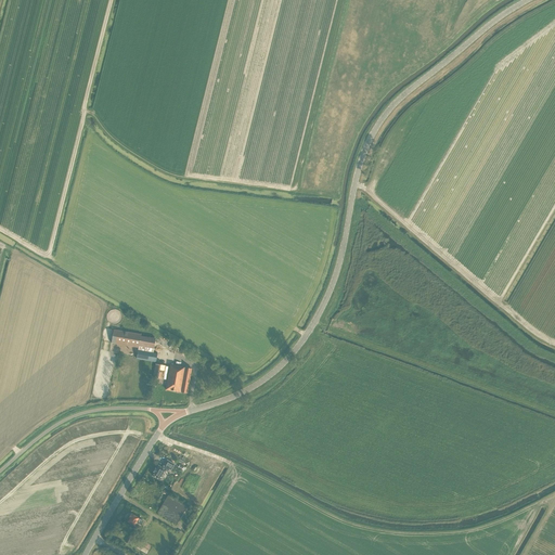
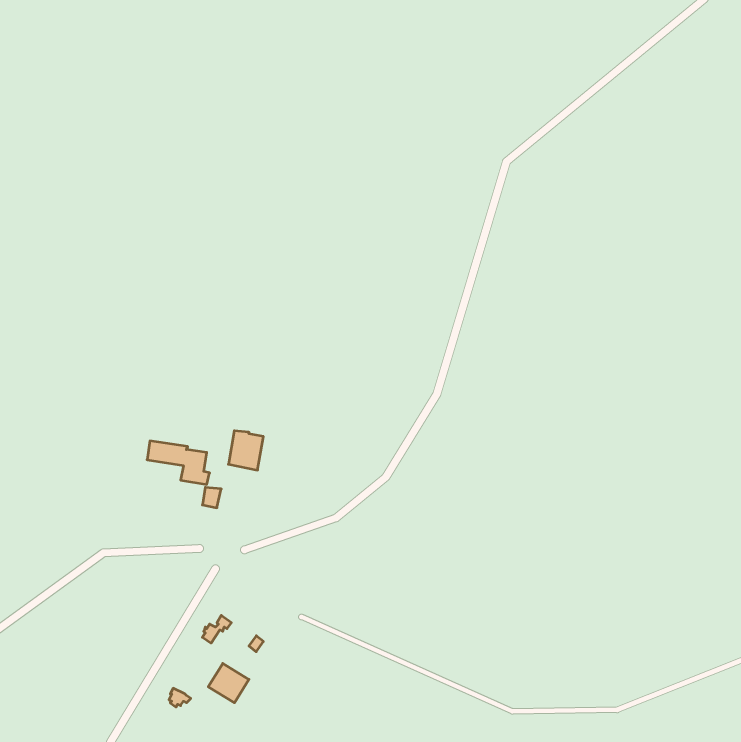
building: [164,363,190,392] -> [228,431,263,470]

